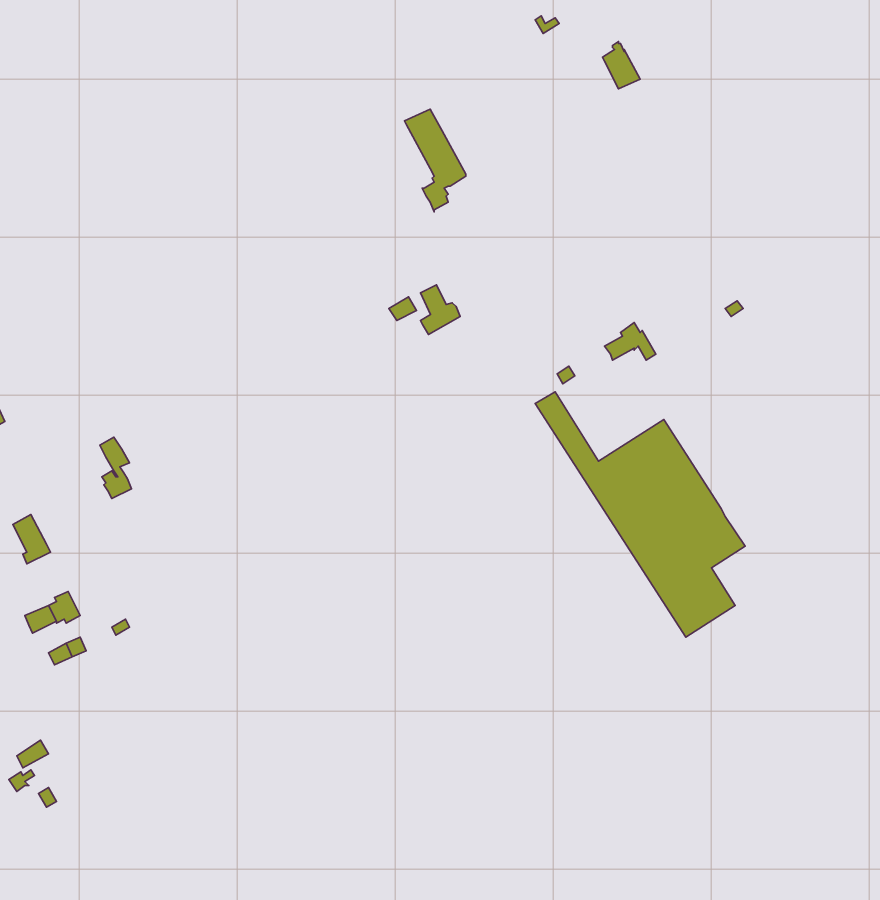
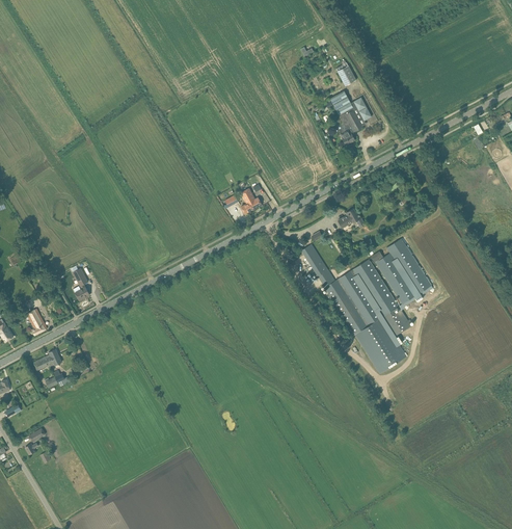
building: [405,109,466,212] -> [330,91,362,146]
building: none -> [372,238,433,310]

